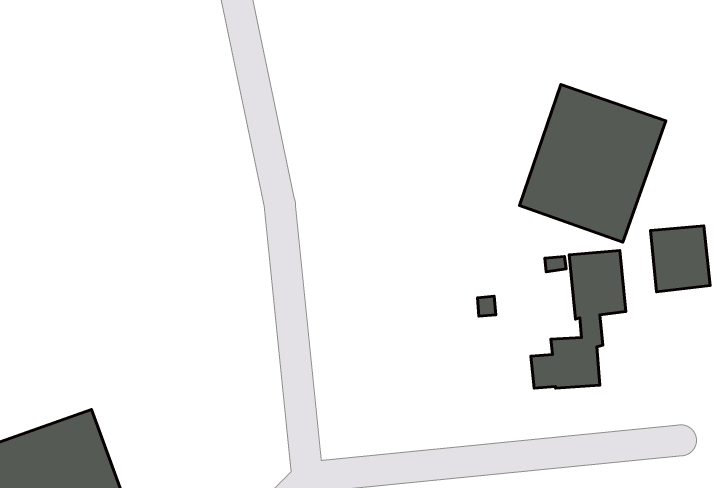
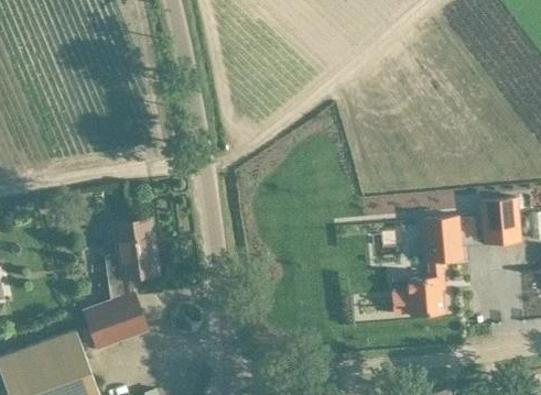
building: [520,84,666,242] -> none
building: none -> [85,222,159,347]

